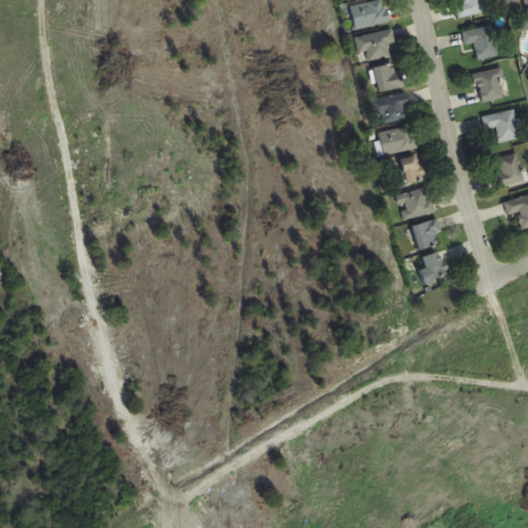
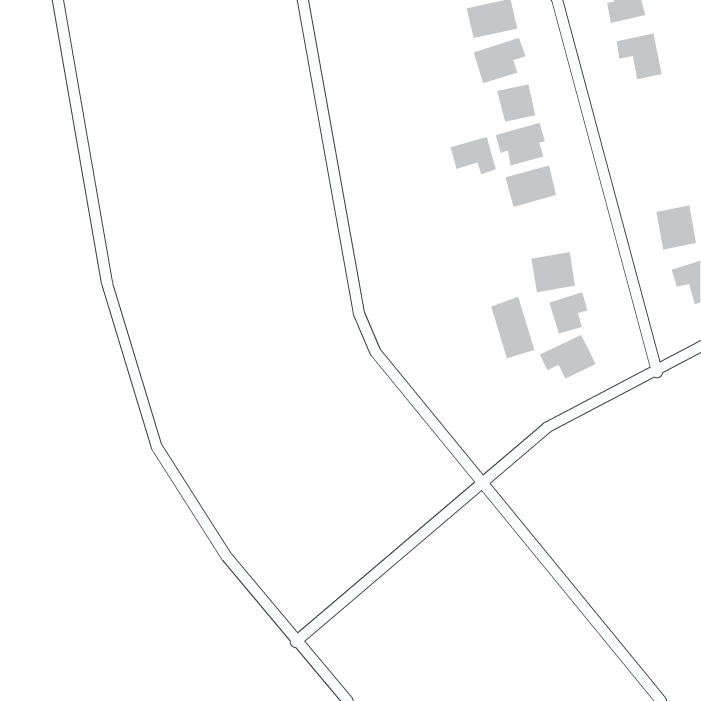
building: [476,70,502,99] -> none
building: none -> [450,136,497,175]
building: [482,110,519,142] -> none
building: [398,155,424,185] -> none
building: none -> [491,296,535,359]

